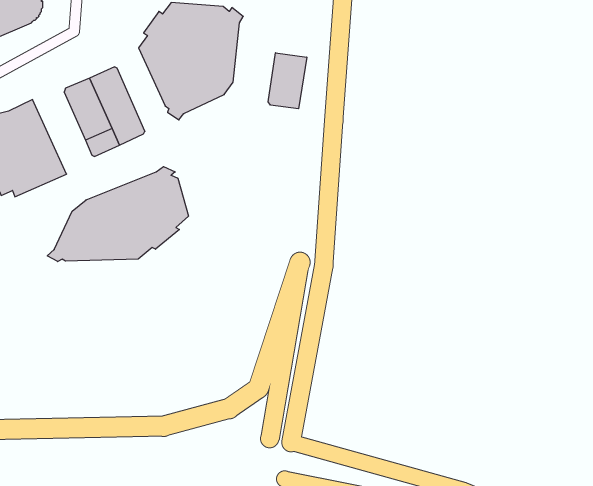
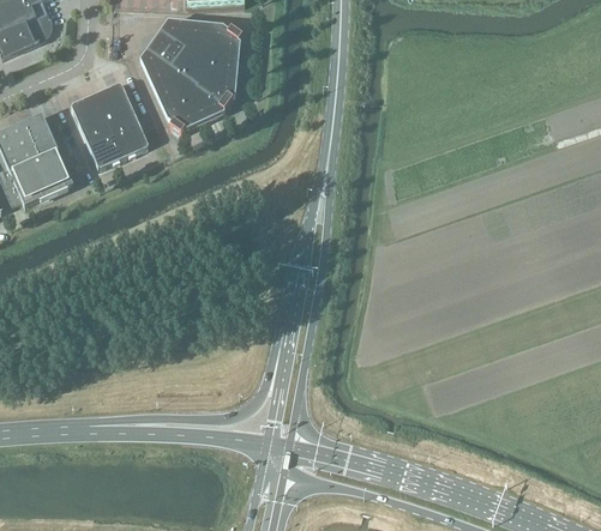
building: [268,53,307,109] -> none
building: [47,167,188,262] -> none

